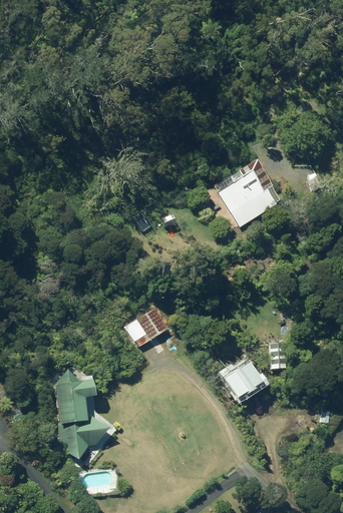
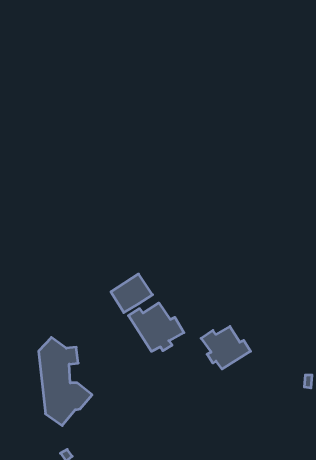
building: [216,159,283,225] -> none
building: none -> [128,303,184,351]

